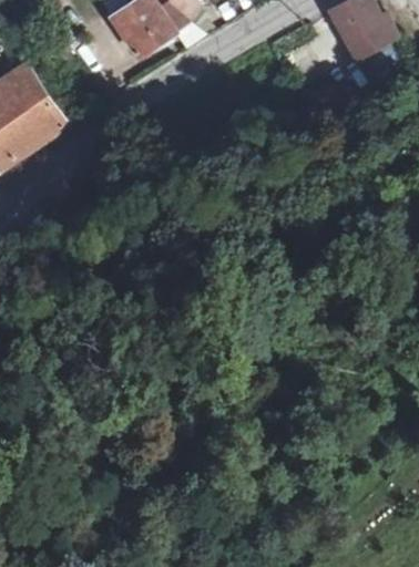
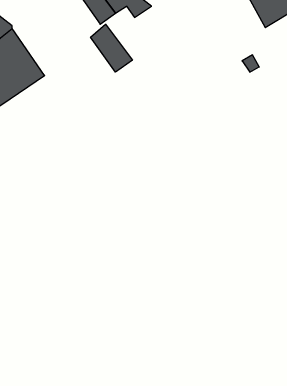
building: none -> [91,24,132,72]

